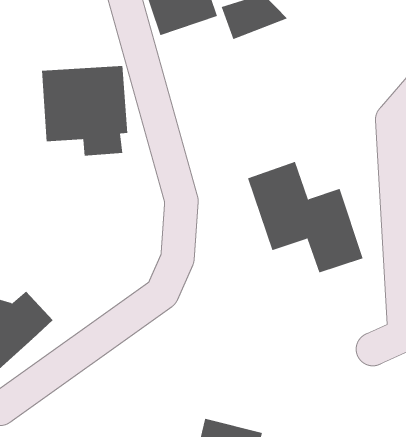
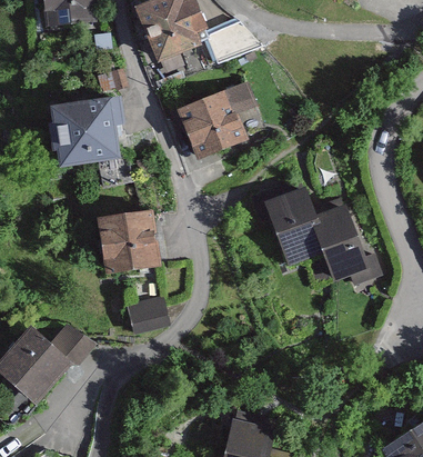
building: none -> [178,79,259,166]
building: none -> [108,212,173,277]
building: none -> [125,289,165,331]

